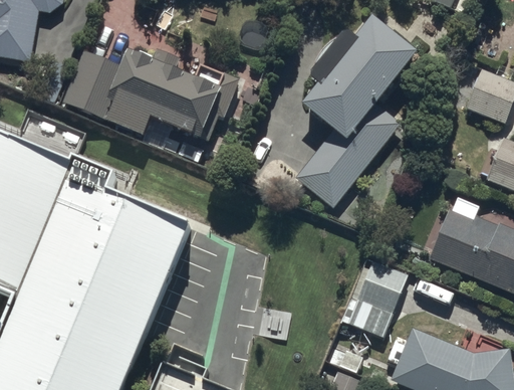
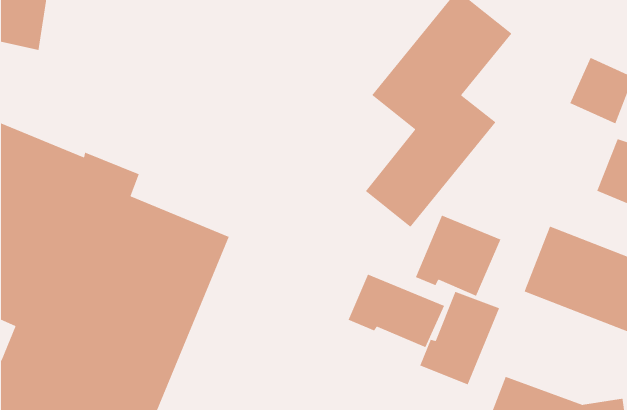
building: [64,47,241,142] -> none
building: none -> [415,214,501,297]
building: none -> [348,273,445,348]

